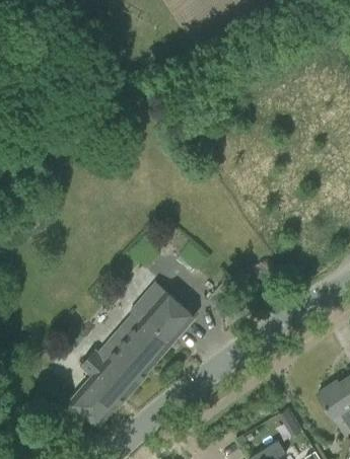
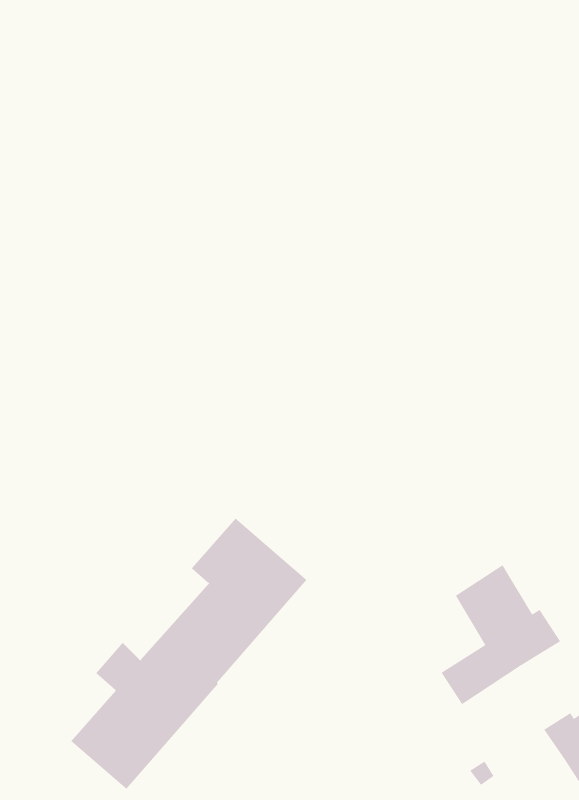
building: none -> [440,564,561,705]

